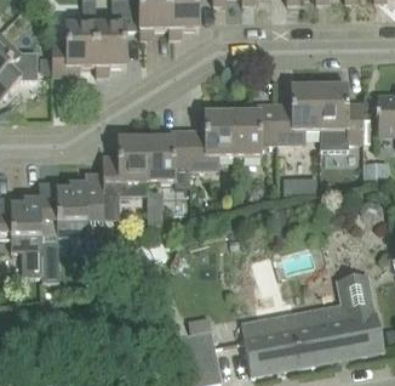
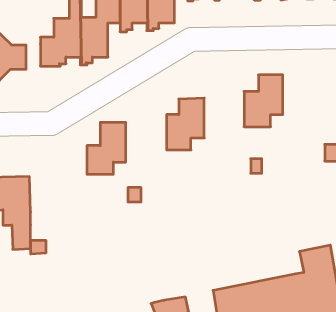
building: [317,85,363,149] -> none
building: [231,103,275,154] -> none
building: [145,129,190,186] -> none
building: [39,171,103,257] -> none

